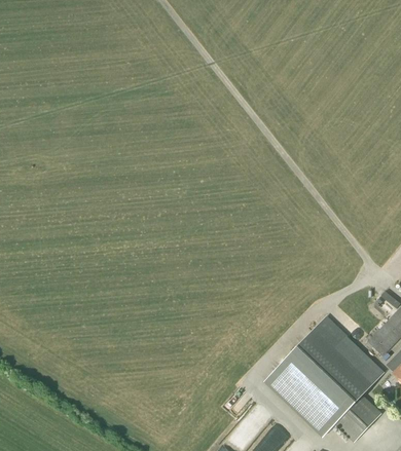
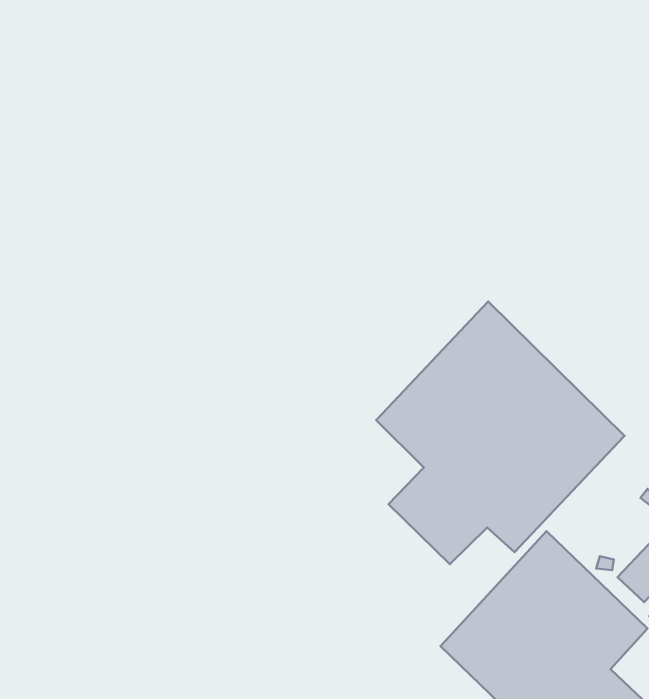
building: none -> [376,302,625,564]

